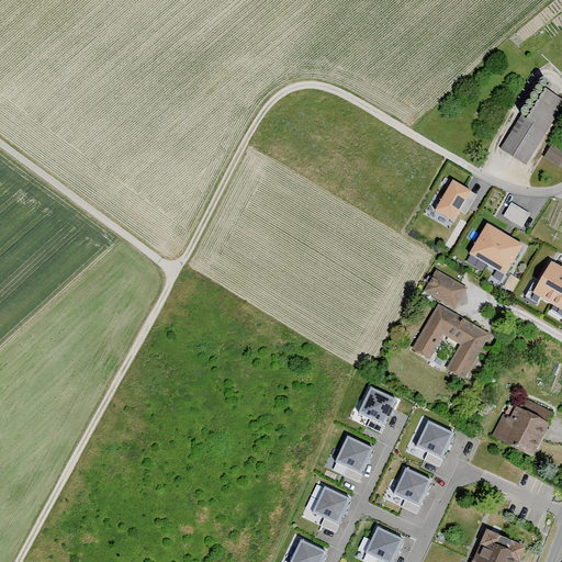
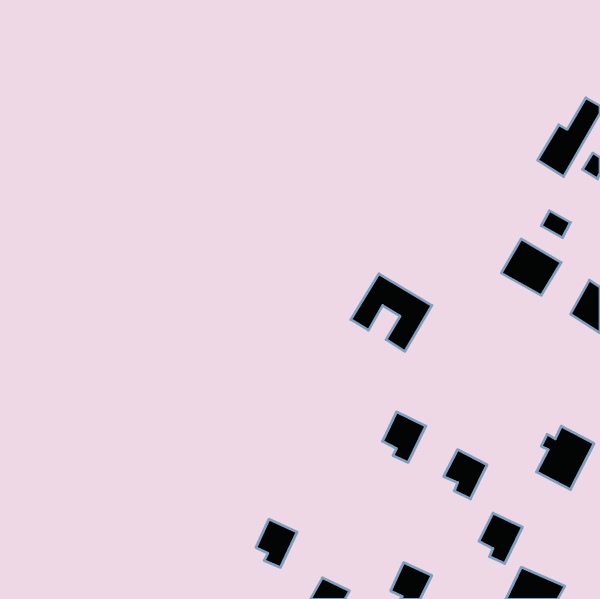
building: [434,179,471,222] -> none
building: [425,272,465,308] -> none
building: [413,305,488,378] -> [351,274,432,351]
building: [334,434,372,477] -> none
building: [392,465,432,513] -> [479,513,522,564]
building: [312,485,350,530] -> [256,519,297,567]

